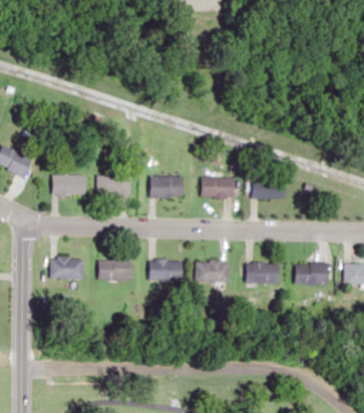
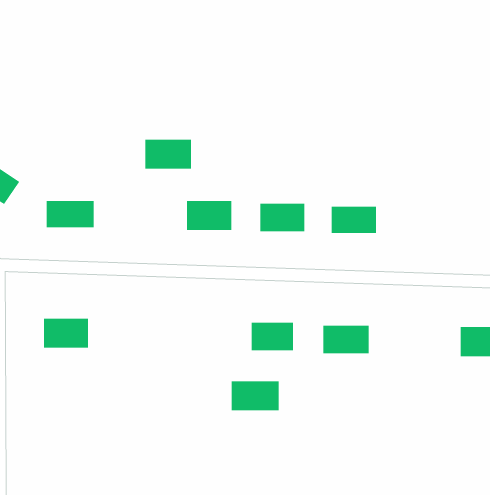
building: [97,175,130,196] -> [145,139,192,169]
building: [97,259,132,281] -> none
building: [148,260,183,281] -> [231,381,280,411]
building: [295,264,328,285] -> none

